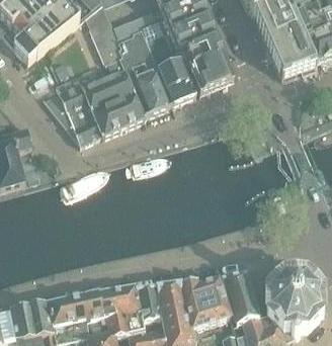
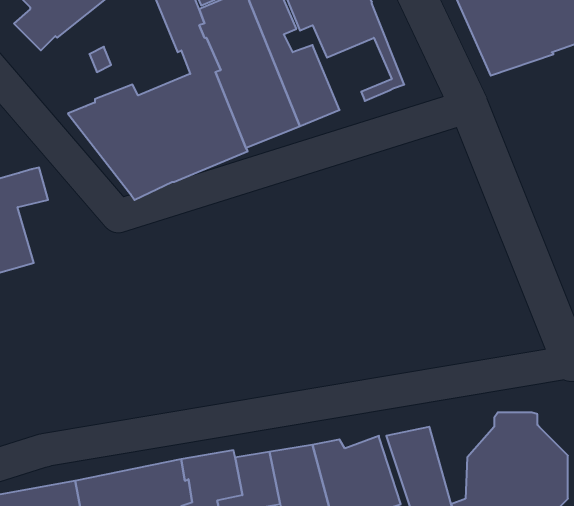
building: [188,55,225,94] -> none

